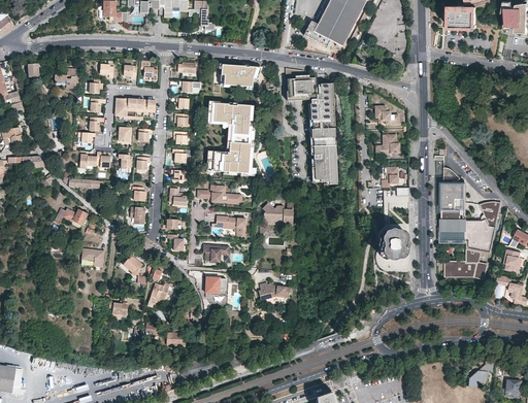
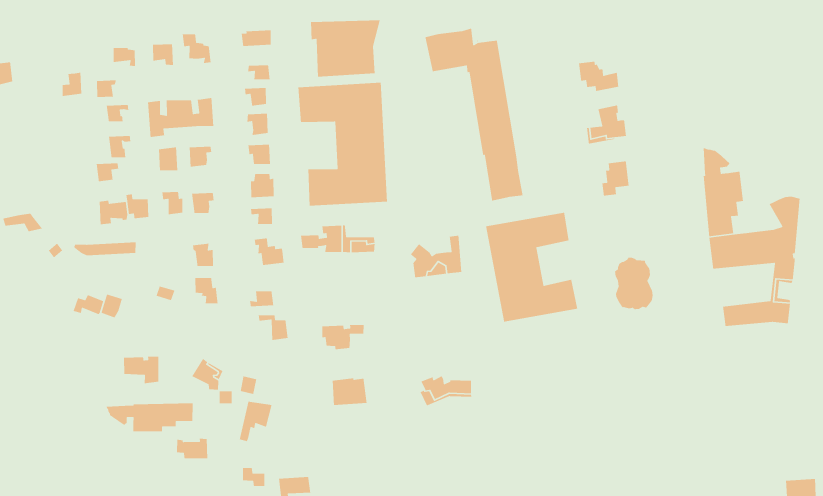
building: none -> [485,212,578,323]
building: [211,215,246,237] -> none
building: [440,220,483,279] -> none
building: none -> [106,402,194,432]

